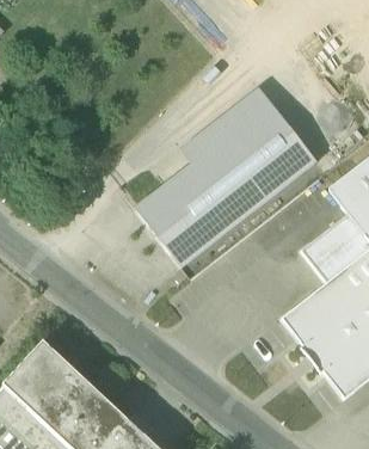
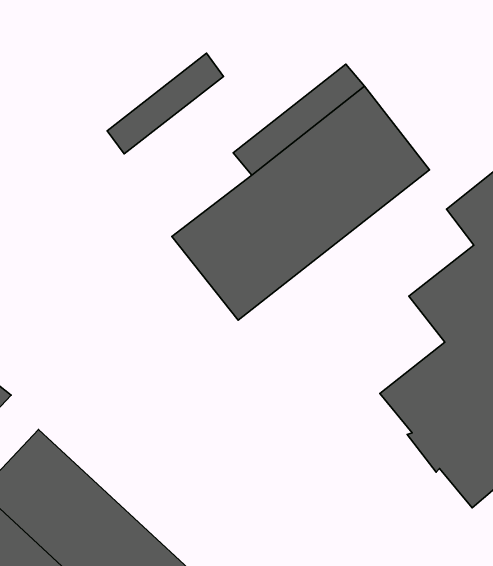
building: none -> [107,53,224,154]

